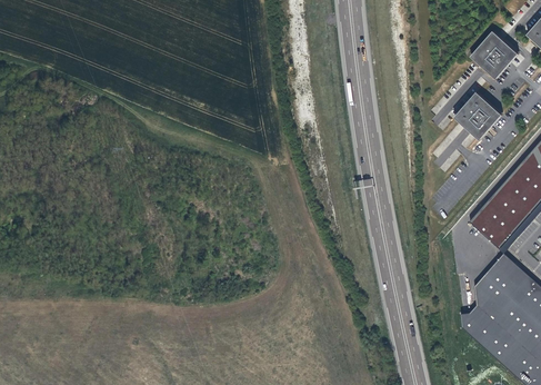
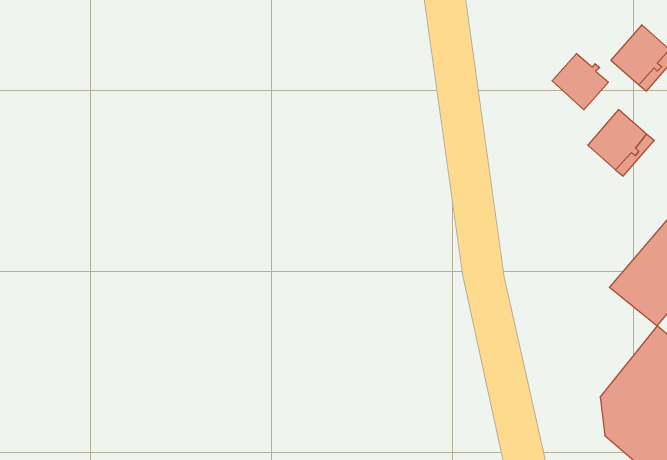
building: none -> [552,53,608,110]

